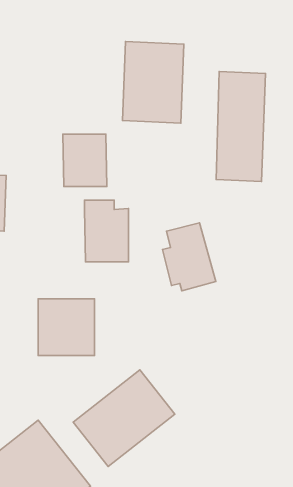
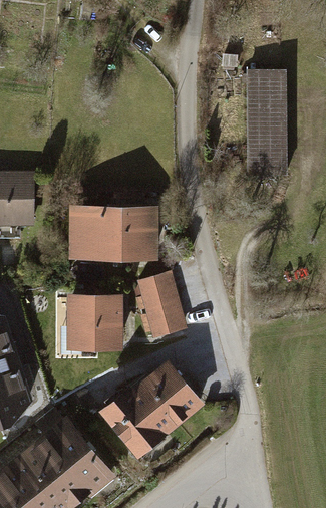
building: [123,42,184,123] -> none
building: [63,134,107,186] -> [72,207,115,258]
building: [162,223,216,291] -> [135,275,188,341]

